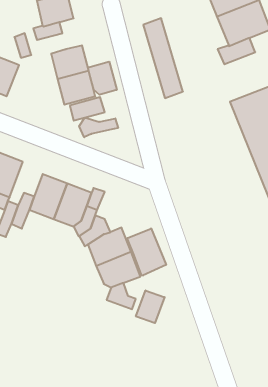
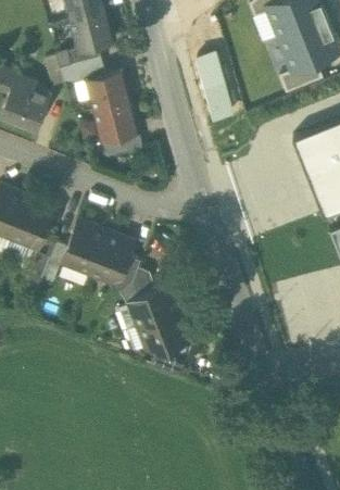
building: none -> [71,58,104,81]
building: [88,62,117,95] -> none
building: [79,118,118,137] -> none
building: [127,228,166,276] -> none
building: [136,290,165,323] -> none

